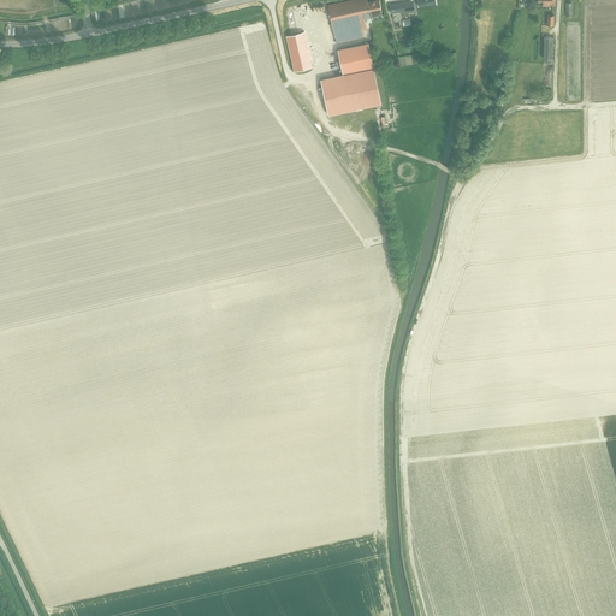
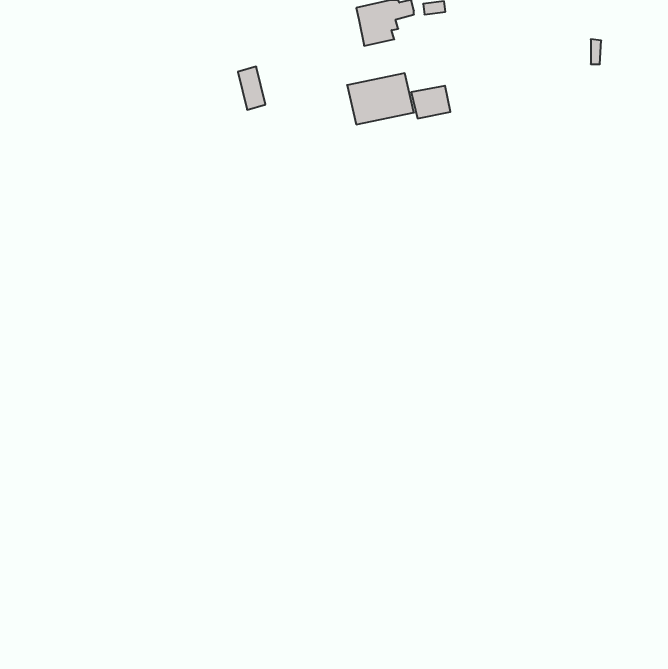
building: [285,31,310,71] -> [238,67,265,110]
building: [336,42,372,72] -> [411,86,450,118]

